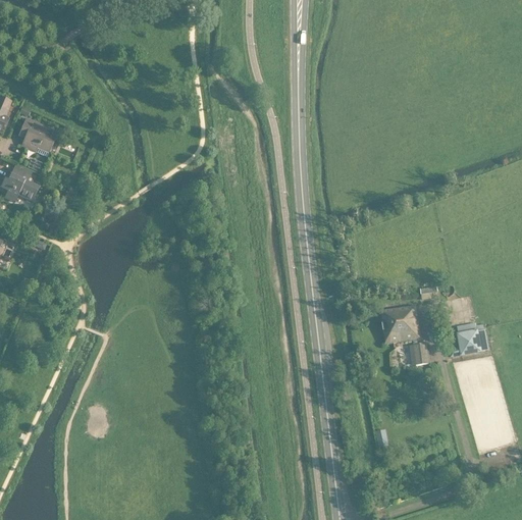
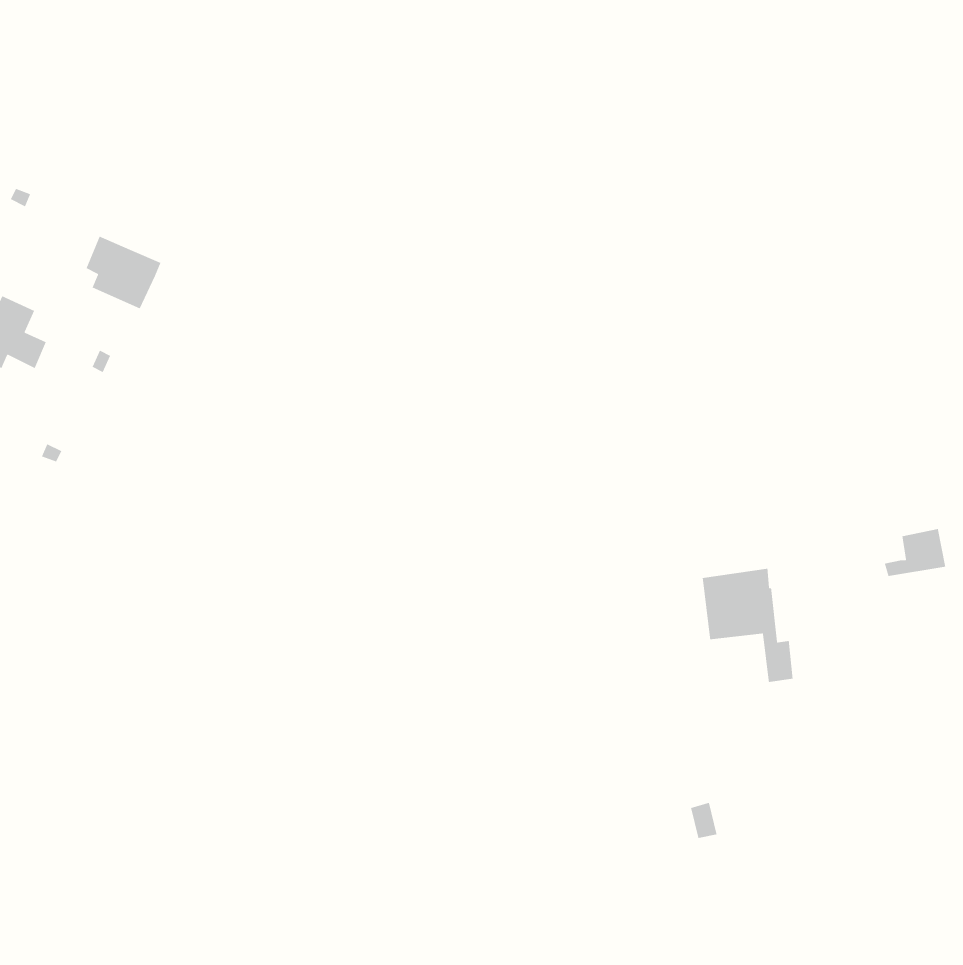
building: [17,117,57,156] -> [86,235,162,309]
building: [449,330,481,356] -> [884,528,946,577]

